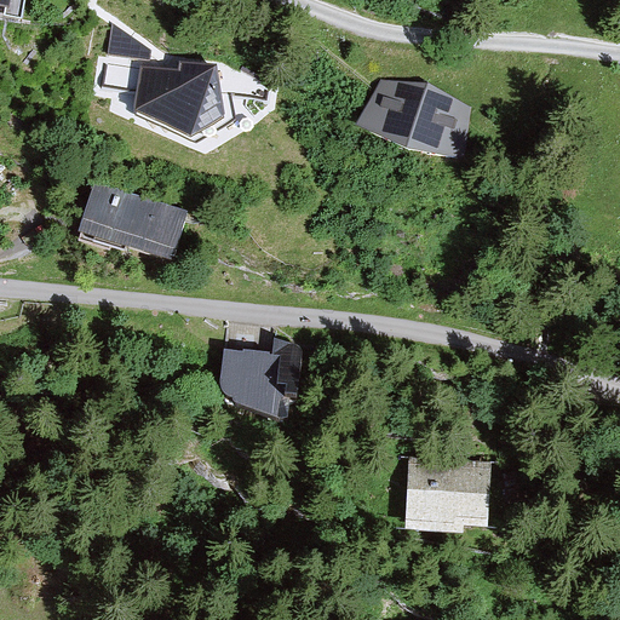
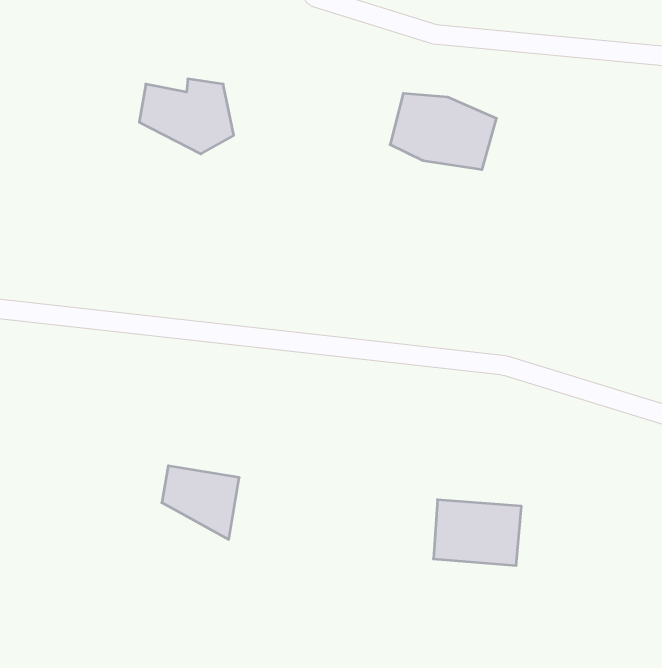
building: [78,178,185,254] -> none
building: [218,350,289,418] -> [162,466,239,539]

